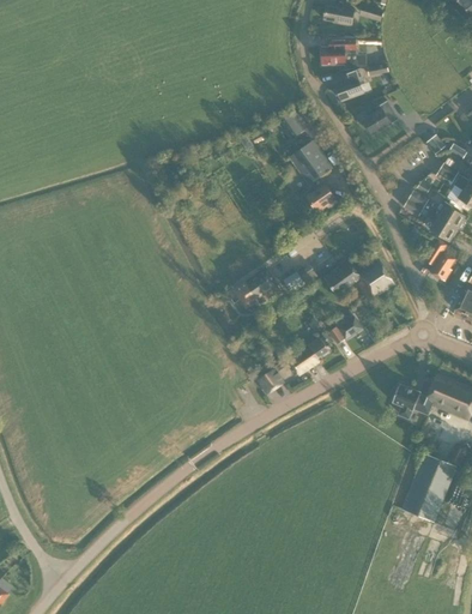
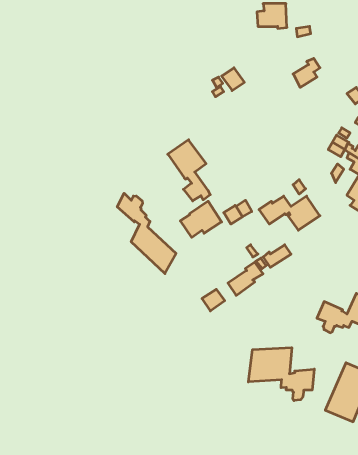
building: [335,68,364,100] -> none
building: [289,139,338,210] -> [168,140,210,201]
building: none -> [117,193,176,274]
building: none -> [248,348,314,401]

